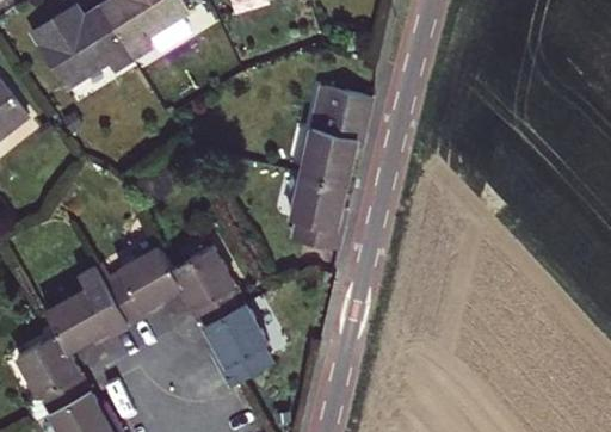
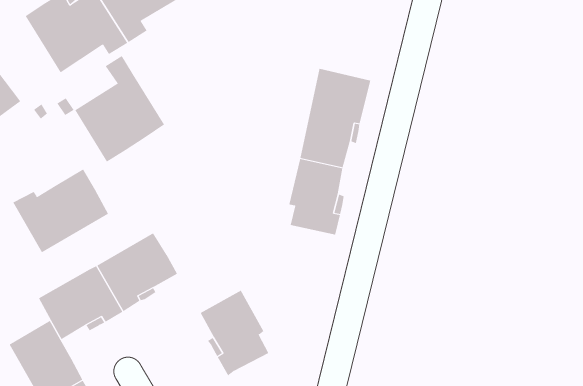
building: none -> [75,55,165,163]
building: none -> [13,168,109,253]
building: [172,245,245,325] -> none

